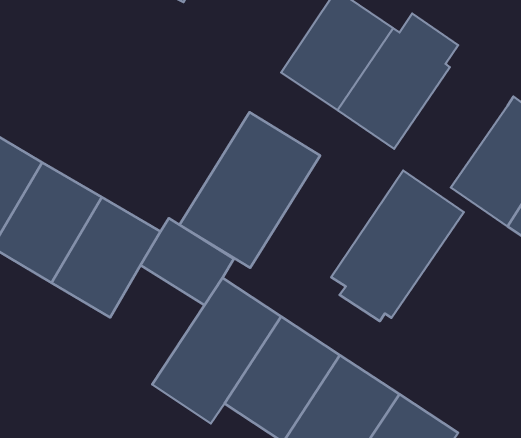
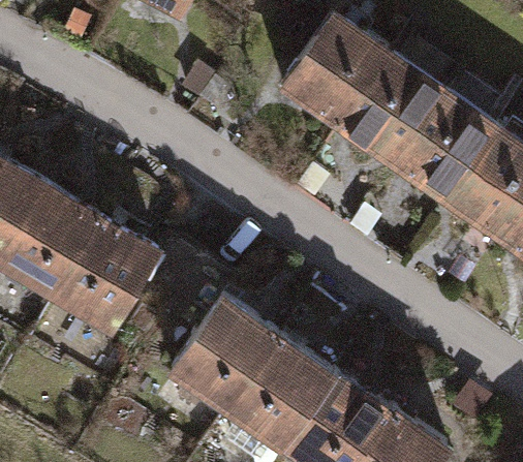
building: none -> [394,72,512,205]
building: [180,112,320,268] -> none
building: [331,170,464,321] -> none

